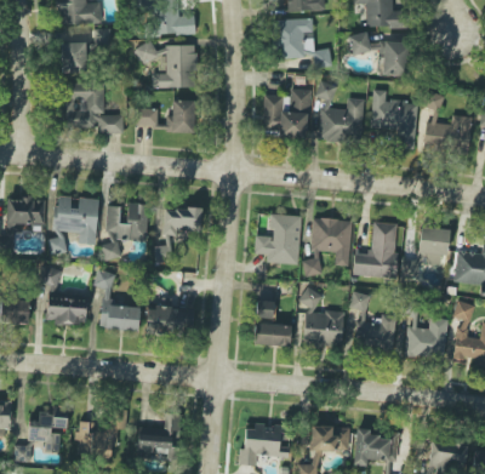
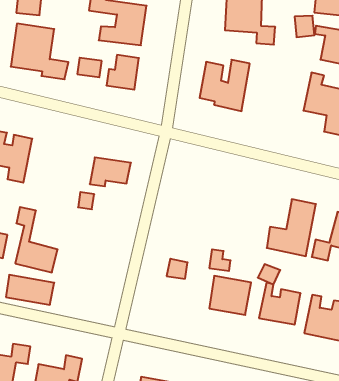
building: [316,81,364,142] -> none
building: [103,202,149,257] -> none
building: [255,213,301,263] -> none
building: [303,218,352,274] -> none
building: [147,308,194,332] -> [6,275,54,305]
building: [253,322,291,345] -> none

